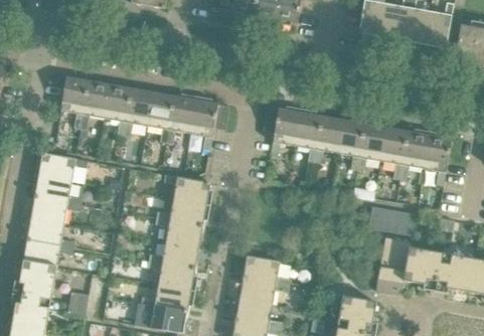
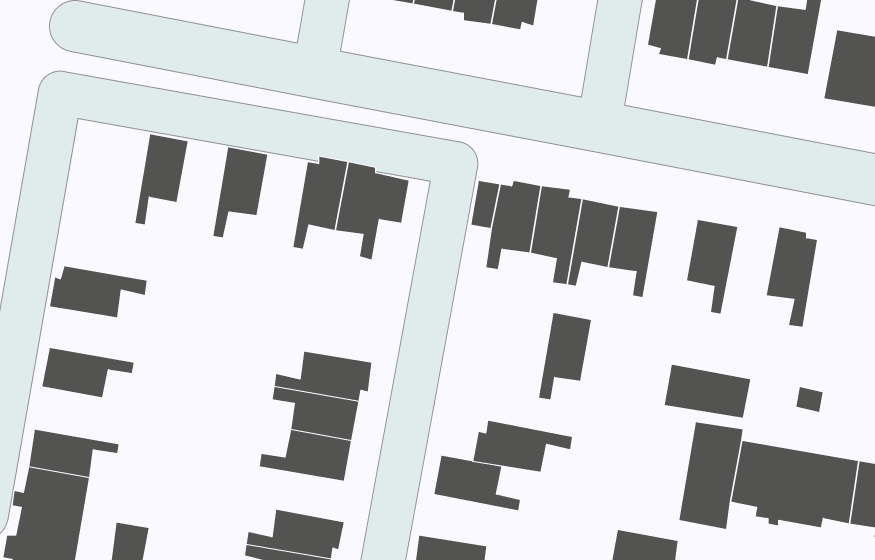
building: [60,75,89,128] -> none
building: [104,83,131,135] -> none
building: [147,91,174,141] -> none
building: [356,122,385,169] -> [538,312,592,400]
building: [398,127,430,179] -> none
building: [31,173,82,203] -> none
building: [163,173,212,203] -> none
building: [26,216,74,247] -> none
building: [147,260,197,290] -> none
building: [234,275,289,303] -> [472,420,573,472]

